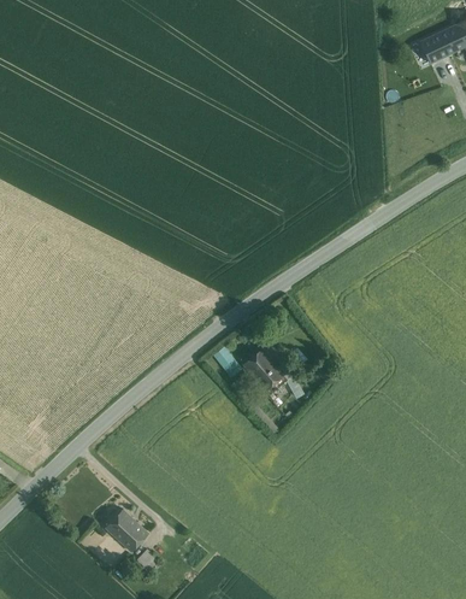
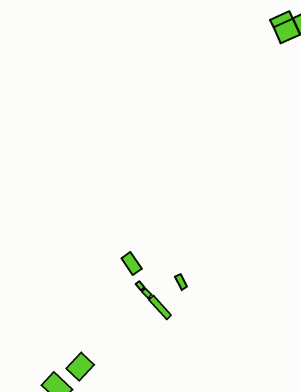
building: [246,351,283,389] -> none
building: none -> [66,352,94,381]

